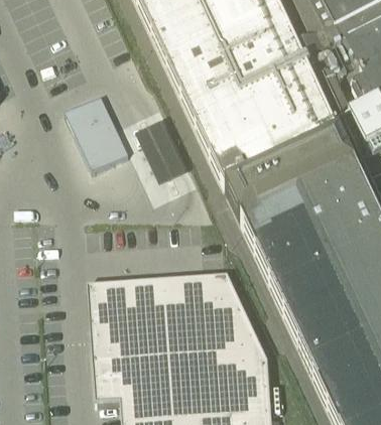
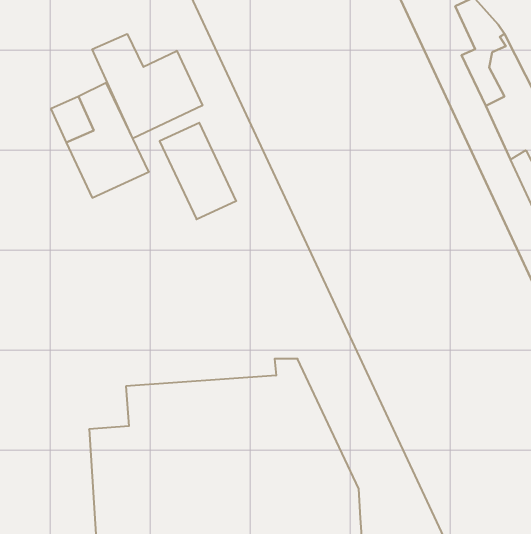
building: none -> [92,34,202,138]
building: [86,274,212,320] -> none

